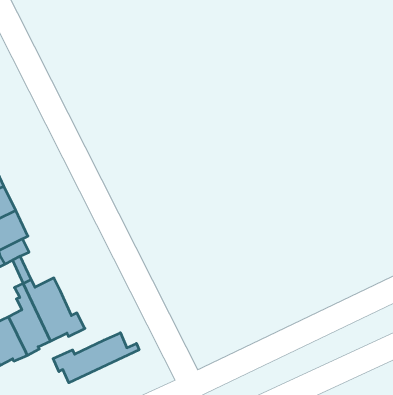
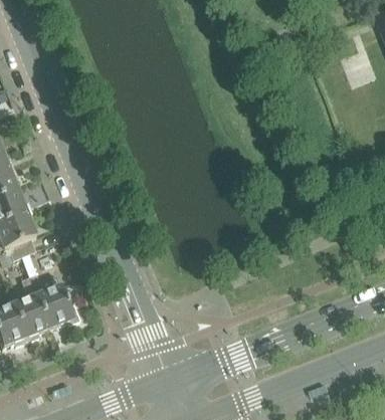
building: [53,333,139,383] -> none

